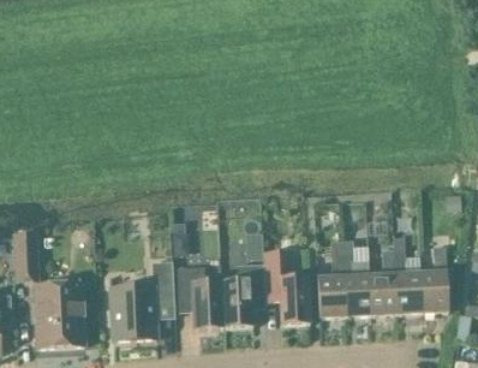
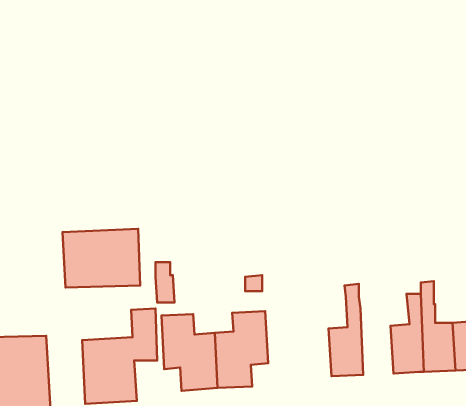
building: none -> [62,229,140,287]
building: [342,241,371,316] -> none
building: [265,251,310,325] -> none

